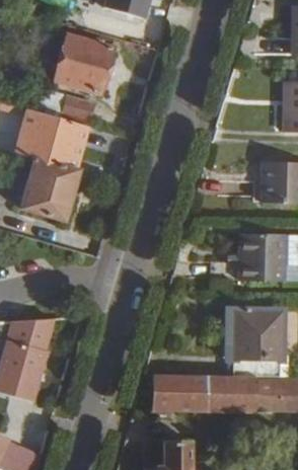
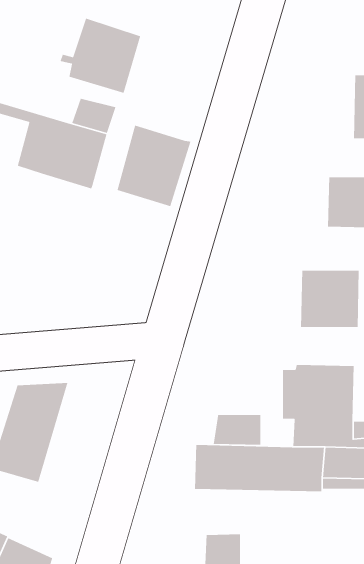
building: [20,158,79,223] -> [116,124,191,207]
building: none -> [213,414,261,445]

